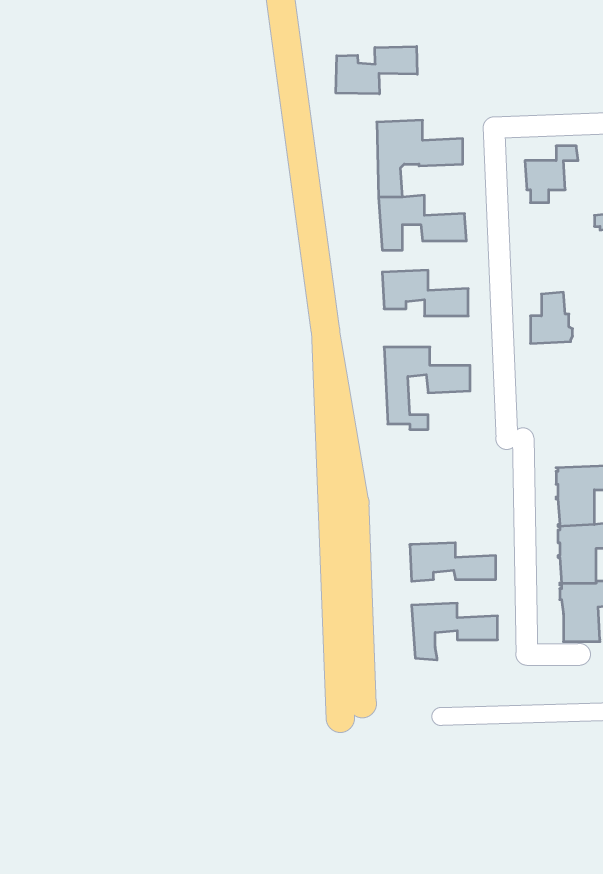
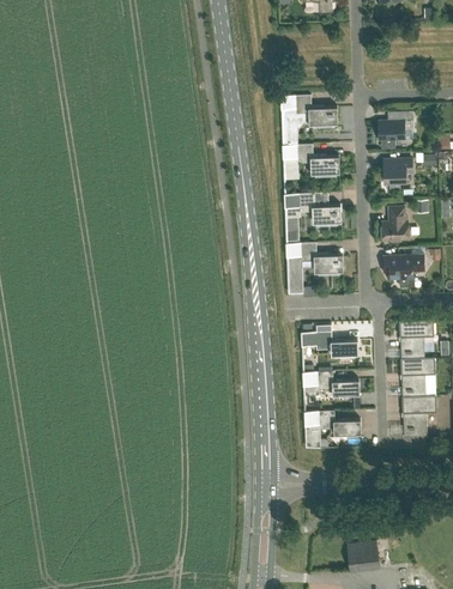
building: [336,46,417,94] -> none
building: none -> [383,158,412,187]
building: none -> [383,254,419,286]
building: none -> [302,330,358,354]
building: none -> [348,540,373,566]

